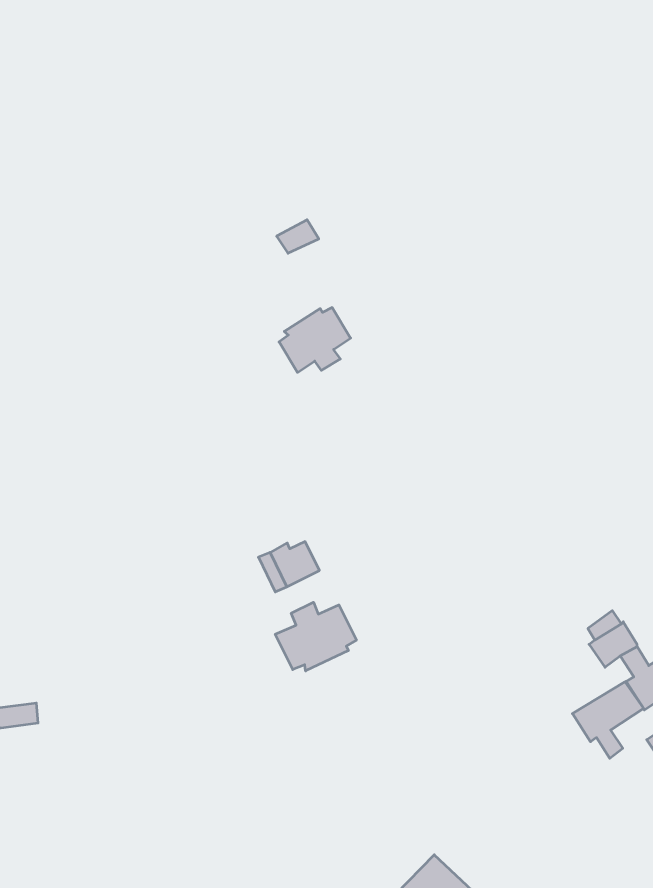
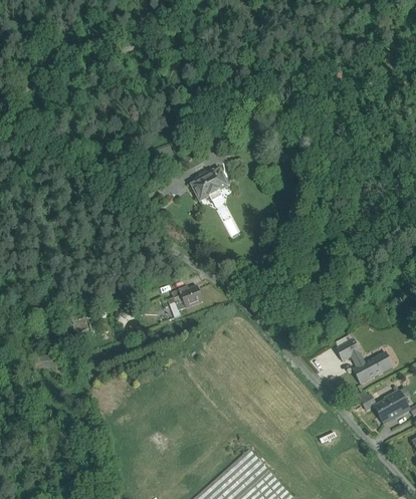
building: [275,602,356,671] -> none
building: [572,682,643,758] -> none

